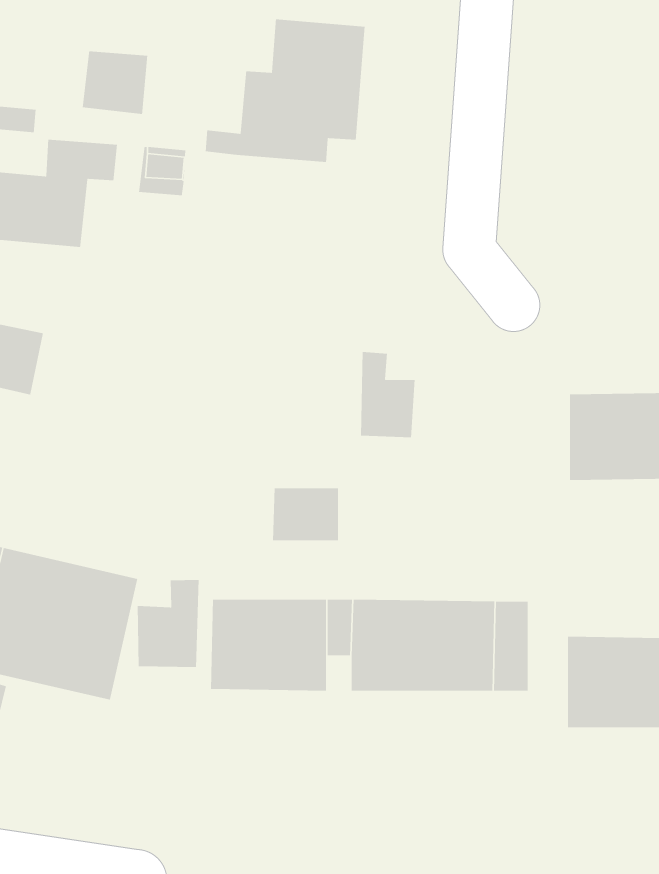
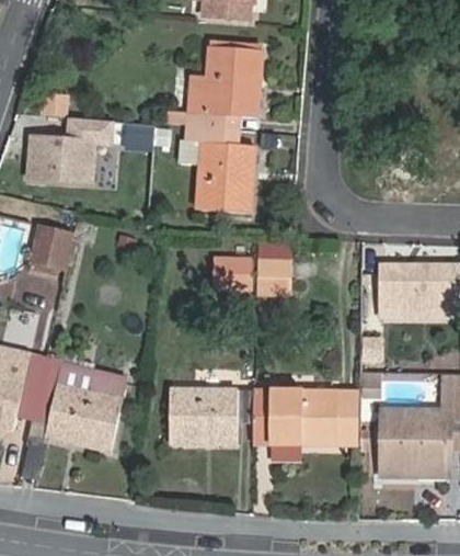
building: [82,50,148,115] -> none
building: none -> [176,126,254,213]
building: [272,488,339,541] -> [211,258,251,290]
building: [137,579,199,668] -> none

